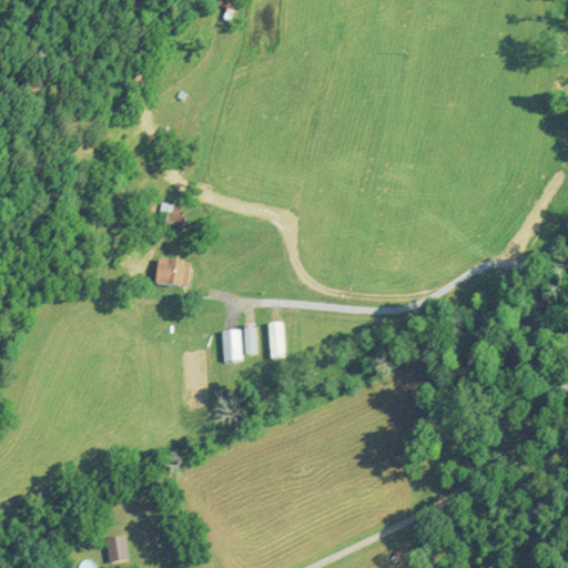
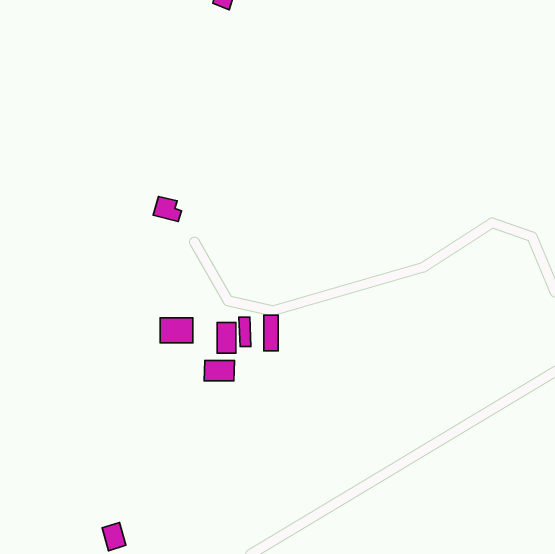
building: [155,260,189,285] -> [160,318,193,343]
building: none -> [204,361,234,381]

